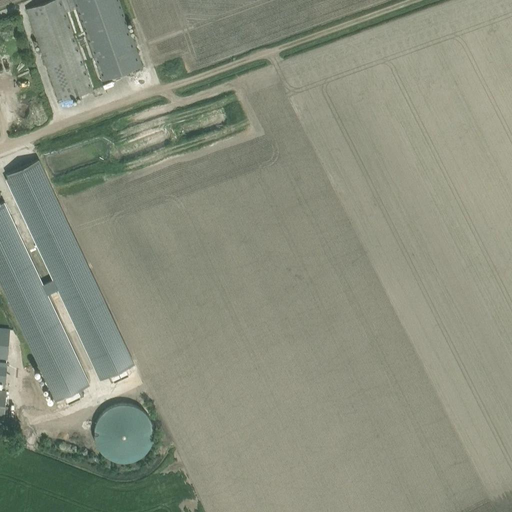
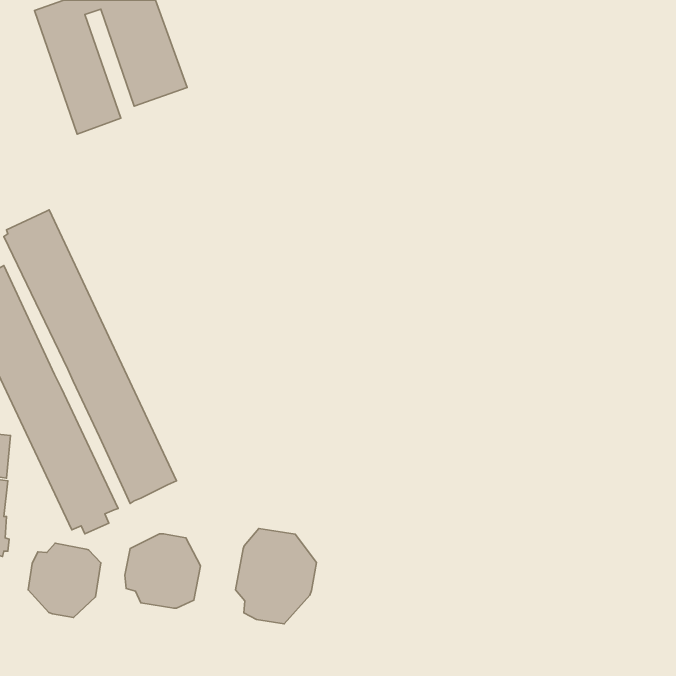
building: none -> [235,529,316,624]
building: none -> [28,543,101,618]

